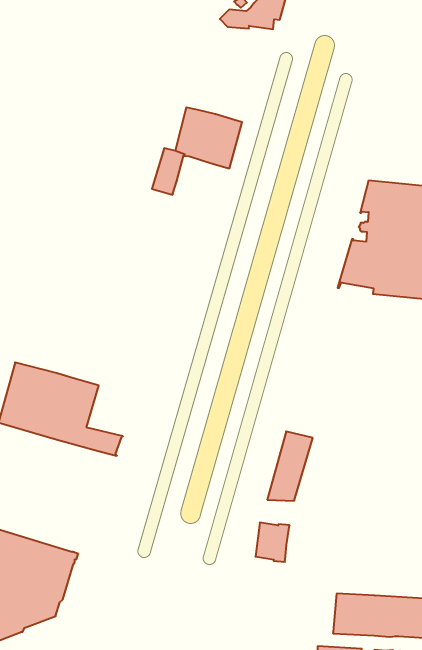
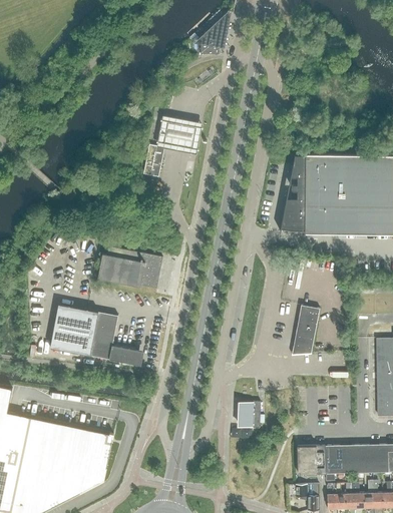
building: none -> [97,246,163,289]
building: [267,431,313,501] -> [292,306,320,355]

